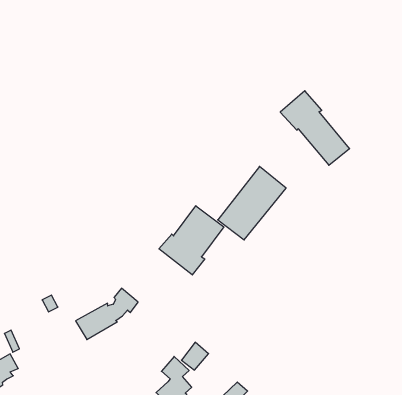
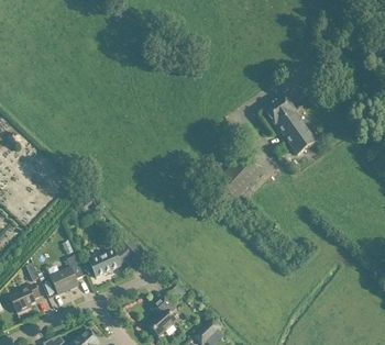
building: [159,206,224,275] -> none
building: none -> [50,256,84,294]

